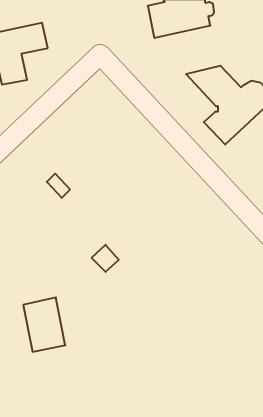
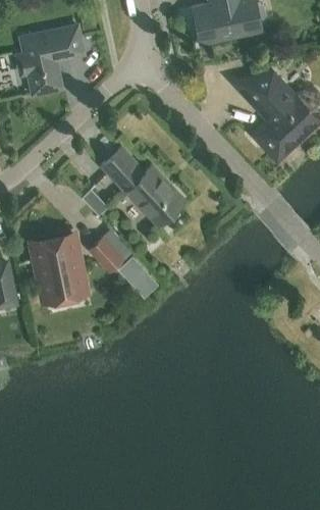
building: none -> [101,148,185,226]
building: none -> [88,238,124,274]
building: [23,297,65,352] -> [36,237,82,296]

